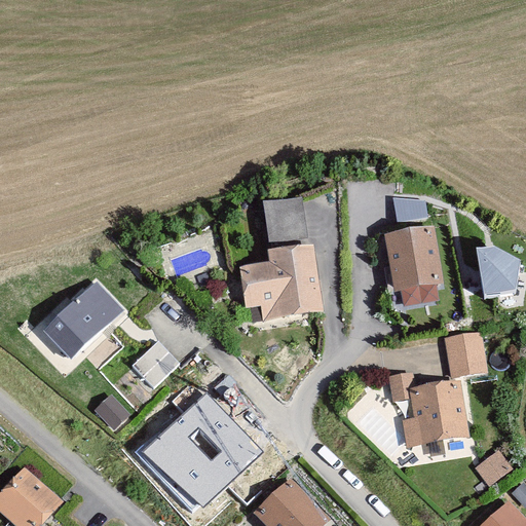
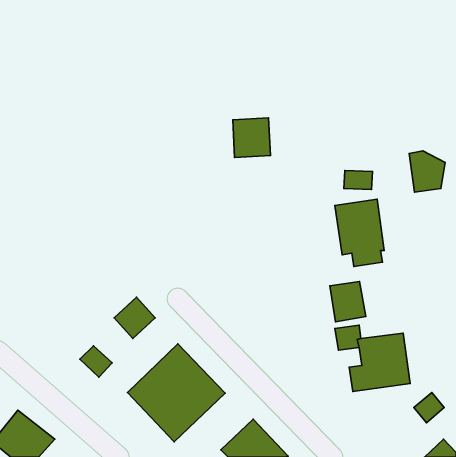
building: [263,195,306,240] -> [233,118,270,157]
building: [476,245,517,292] -> [409,151,445,192]
building: [240,247,323,324] -> none
building: [43,279,124,361] -> none
building: [446,331,487,377] -> [330,281,366,322]

